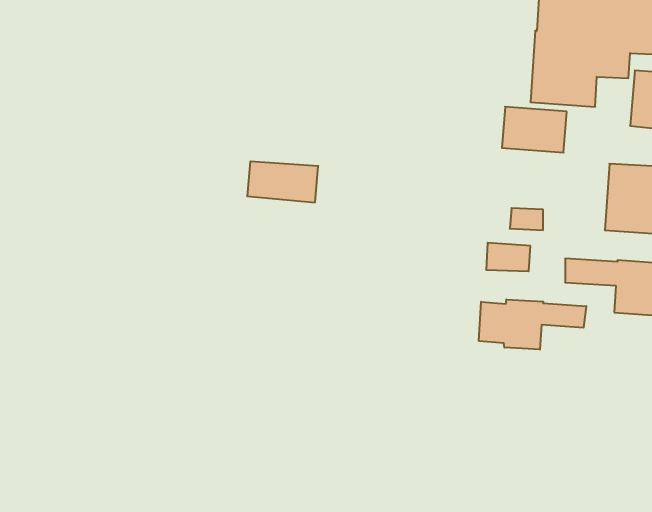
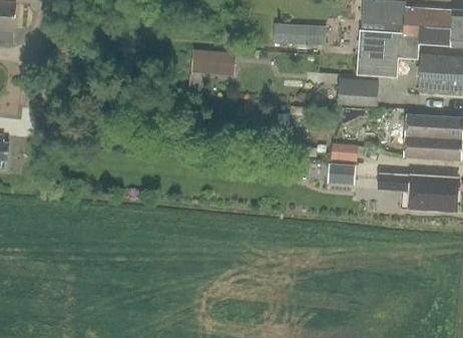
building: none -> [274,23,328,44]
building: [247,161,318,202] -> [191,47,237,73]
building: [479,299,586,350] -> none

